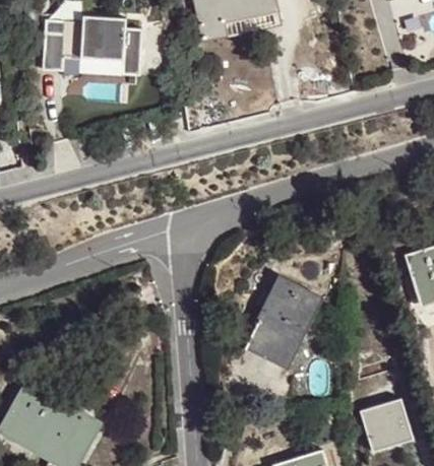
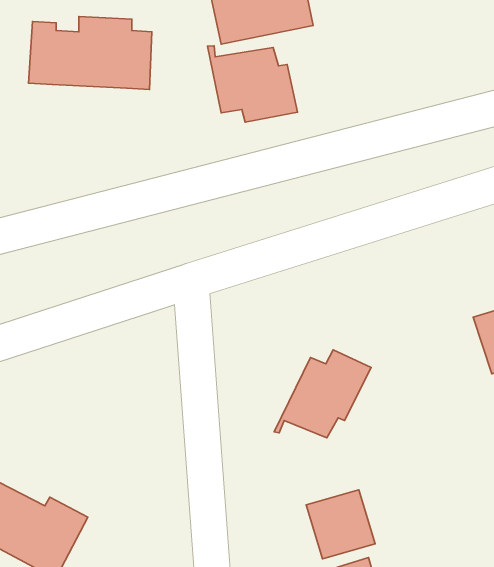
building: none -> [208,46,297,122]
building: [359,397,415,453] -> [306,490,375,559]

